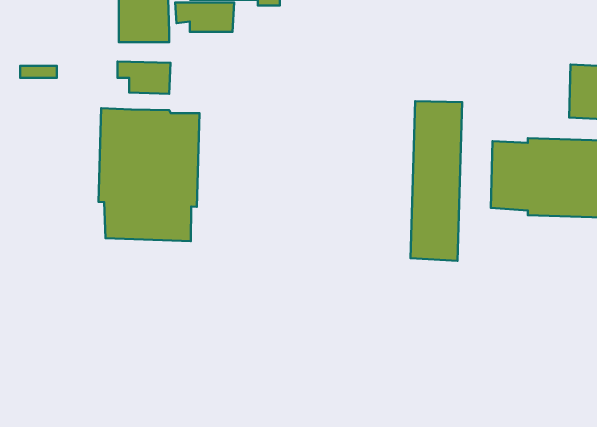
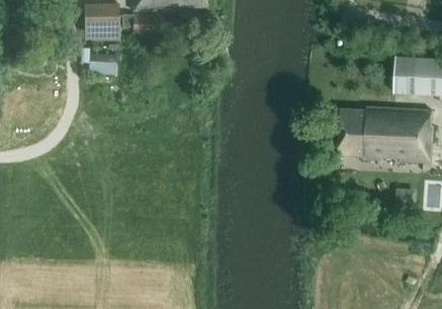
building: [411,101,462,261] -> none
building: [98,108,199,241] -> none

